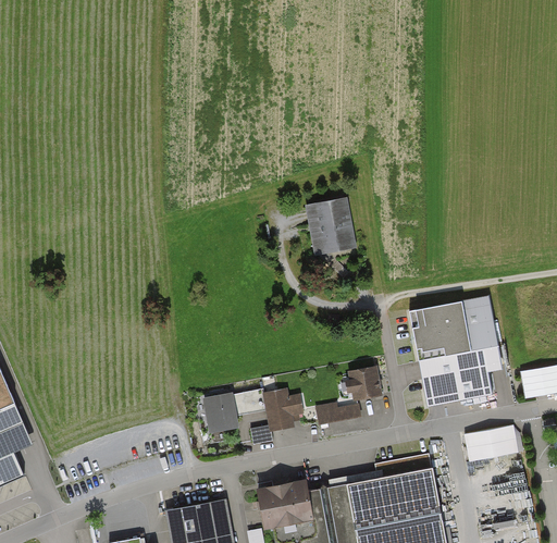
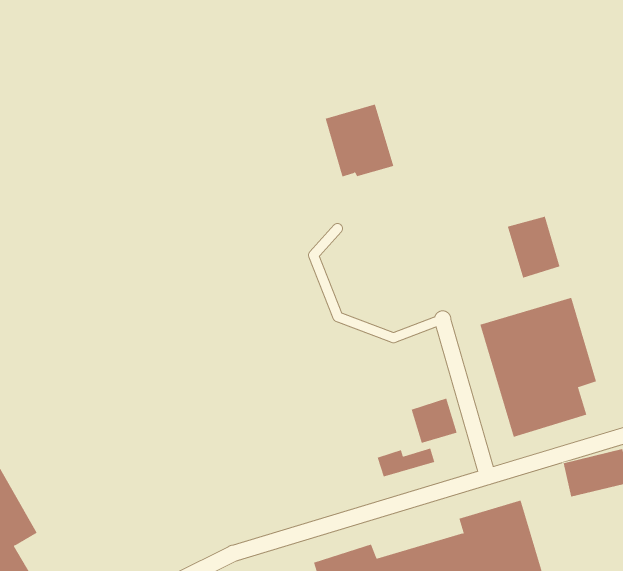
building: [305,197,357,255] -> [325,104,394,177]
building: none -> [507,216,560,278]
building: [201,390,305,448] -> none

